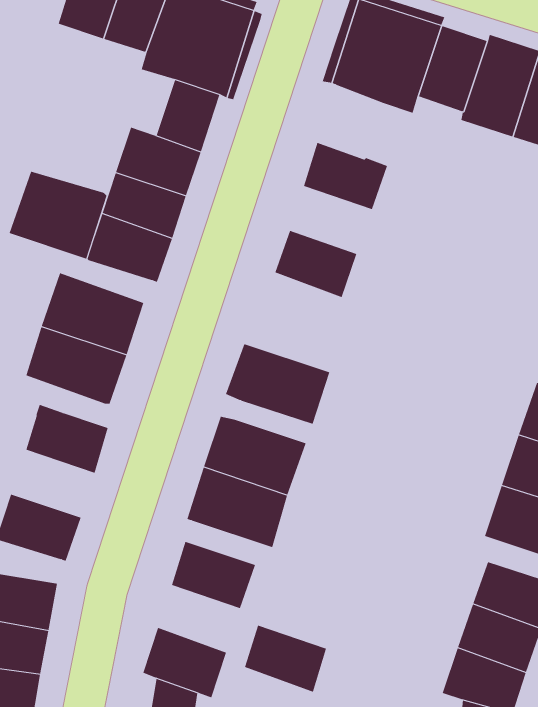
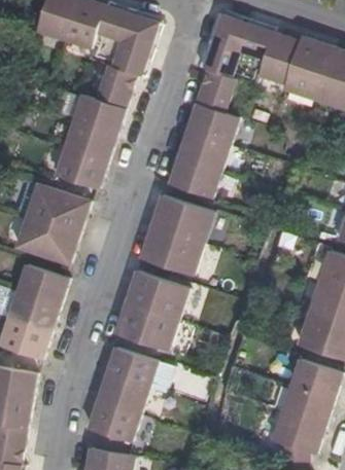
building: none -> [195,70,235,115]
building: [9,171,107,259] -> none
building: none -> [178,132,229,173]
building: none -> [150,196,213,245]
building: none -> [8,292,60,333]
building: [244,625,327,693] -> [98,374,148,415]

